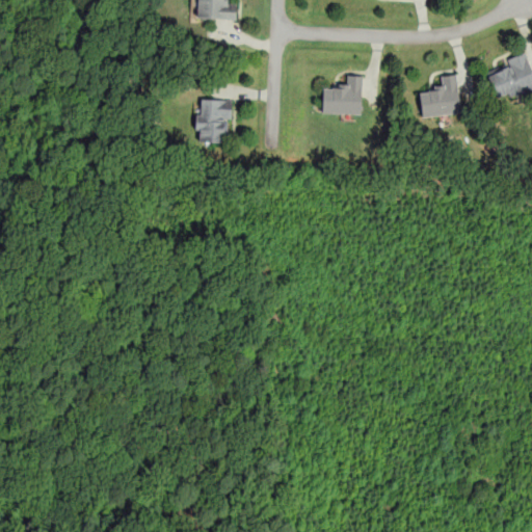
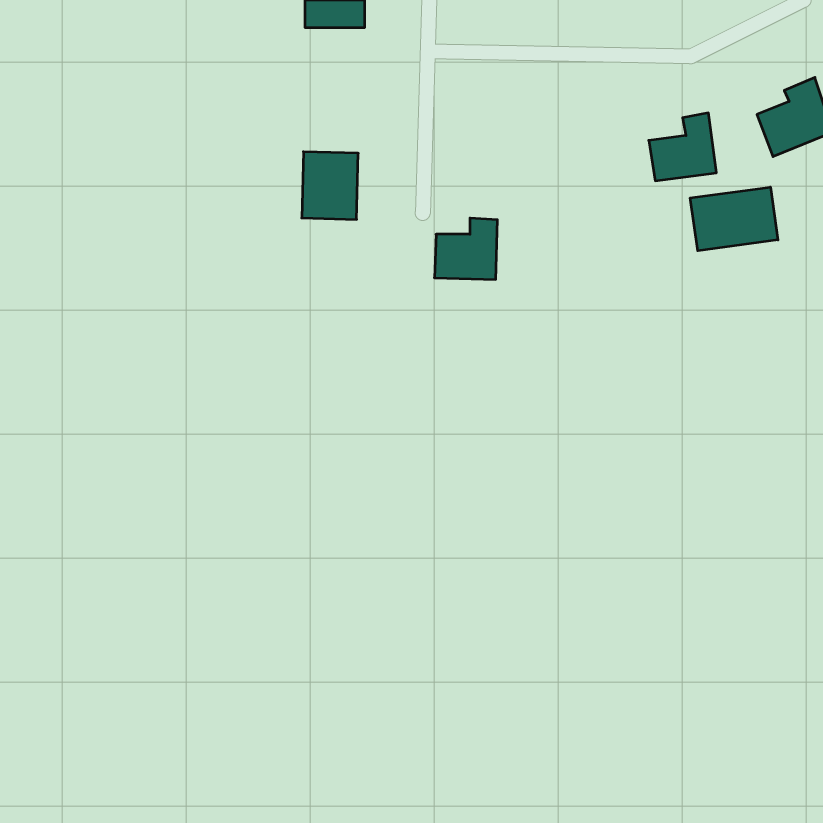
building: [322,75,363,114] -> [434,218,497,279]
building: none -> [690,187,778,251]

